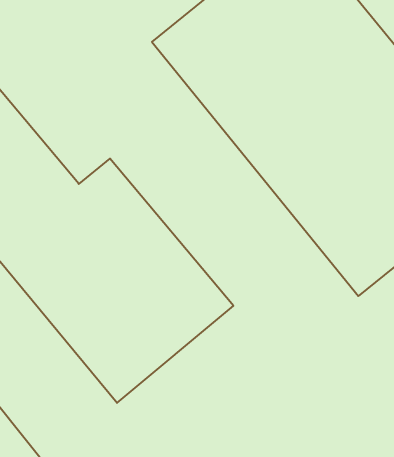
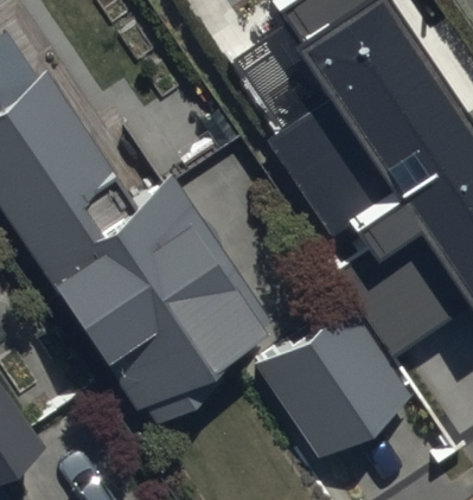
building: none -> [263,312,414,462]

